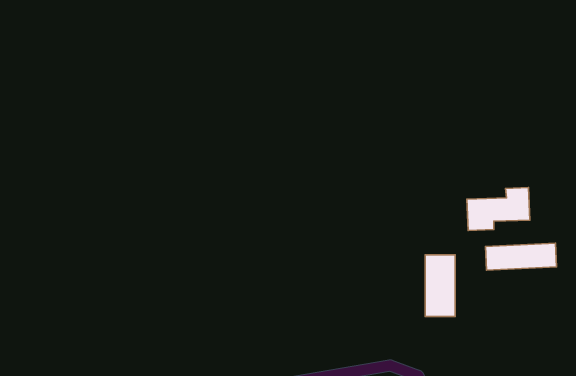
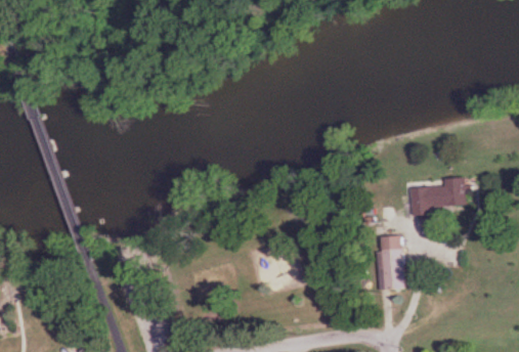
building: [485,243,557,270] -> none

